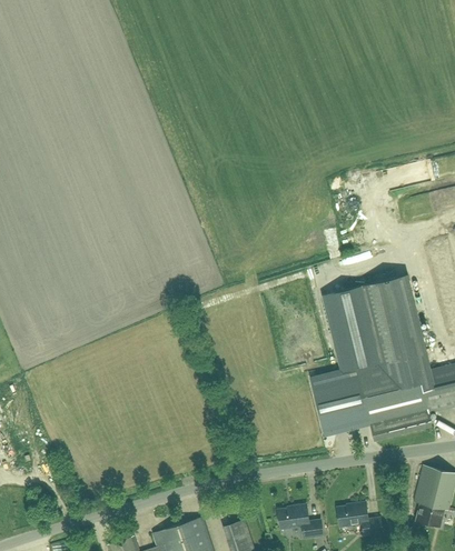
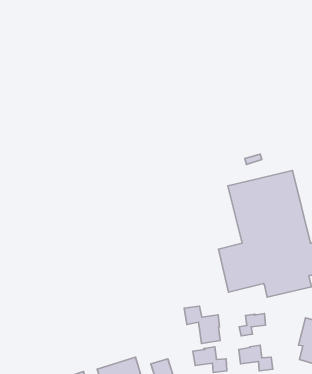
building: none -> [184,306,220,344]
building: none -> [239,314,266,336]

